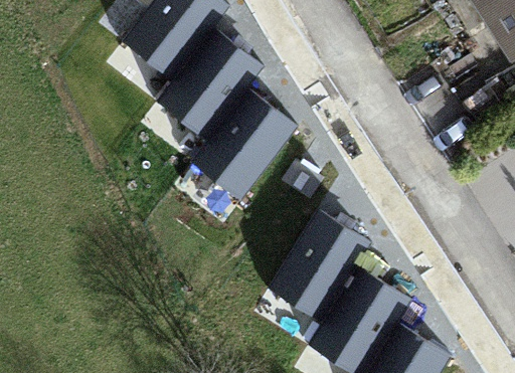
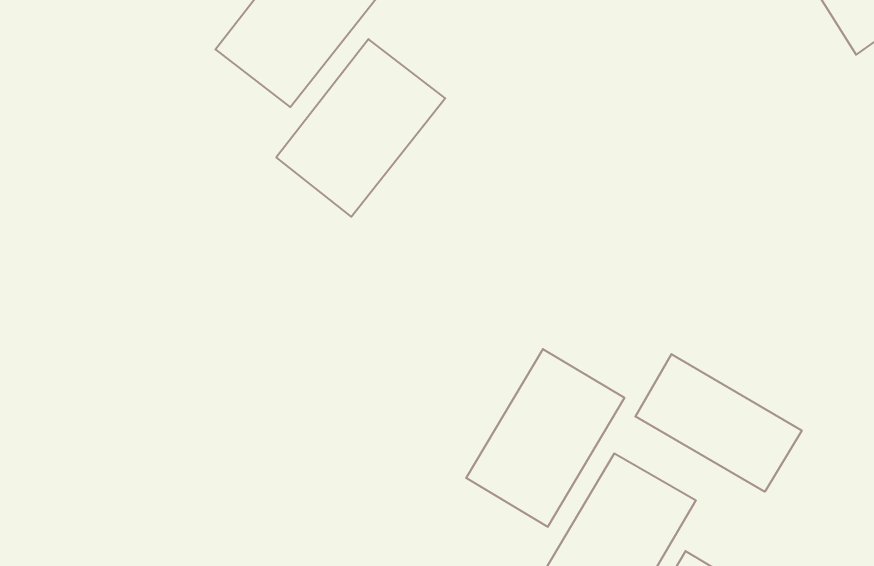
building: [199,92,297,195] -> none
building: none -> [635,354,802,492]

